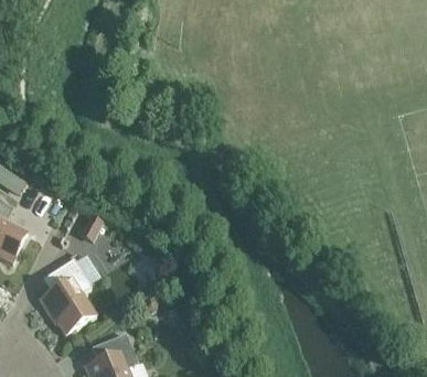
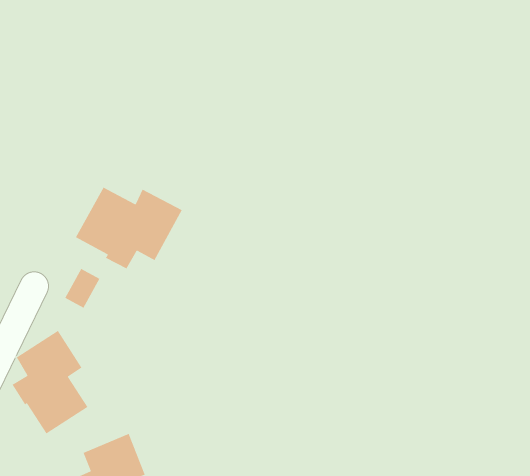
building: none -> [75,186,183,270]

